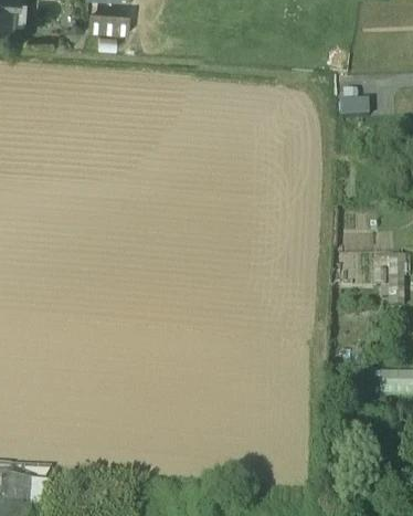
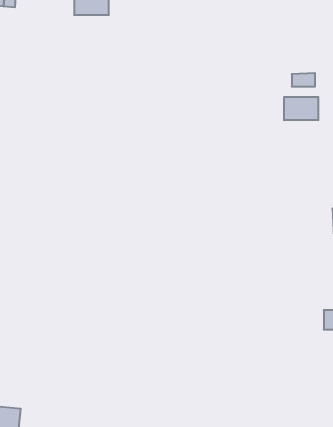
building: none -> [284,97,318,120]

